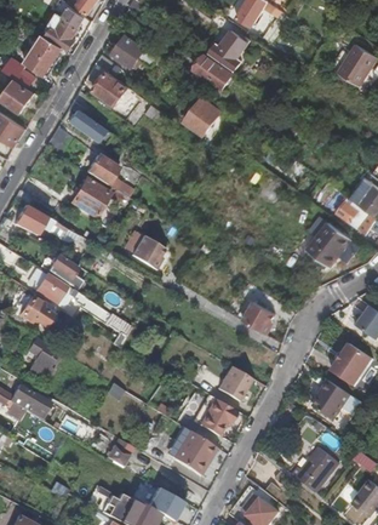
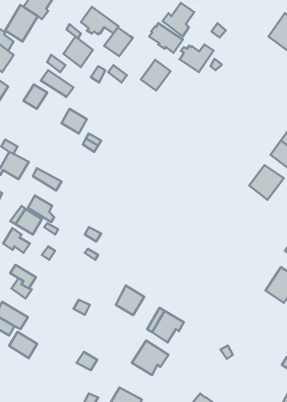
building: none -> [104,28,133,56]
building: none -> [180,44,213,72]
building: [73,179,113,218] -> none
building: [134,238,168,272] -> none
building: [241,301,274,333] -> none
building: [218,365,252,400] -> [116,285,144,315]
building: [310,381,349,421] -> none
building: none -> [9,332,37,358]
building: [292,445,340,492] -> none

